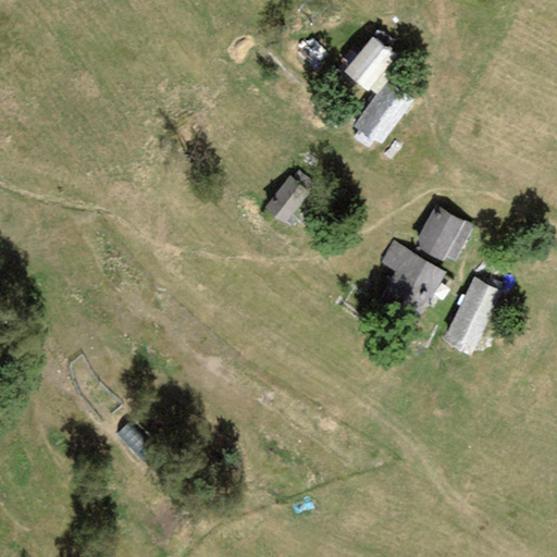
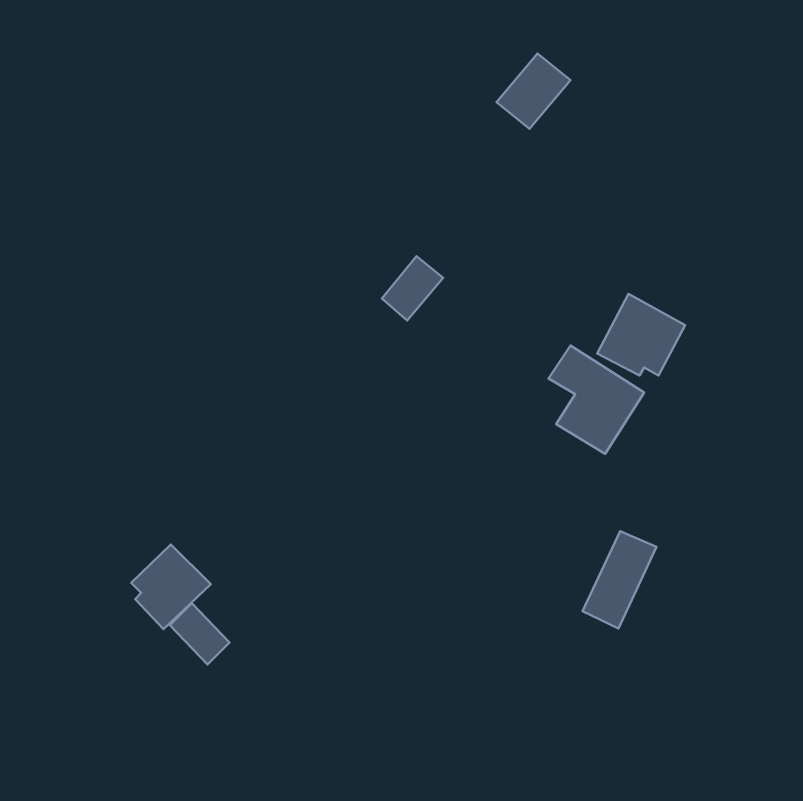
building: [355,82,412,144] -> none
building: [447,277,498,345] -> [582,531,656,629]
building: none -> [131,545,211,629]

